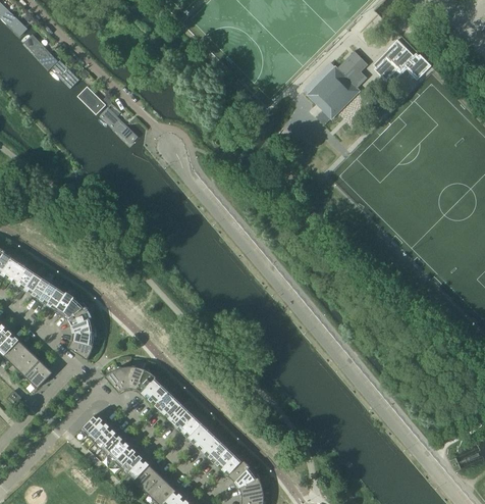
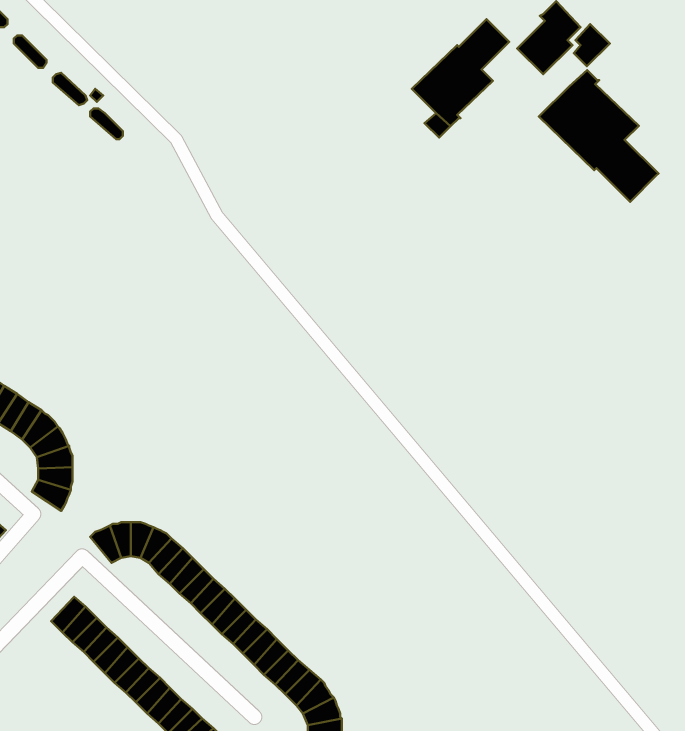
building: none -> [539,70,658,202]

